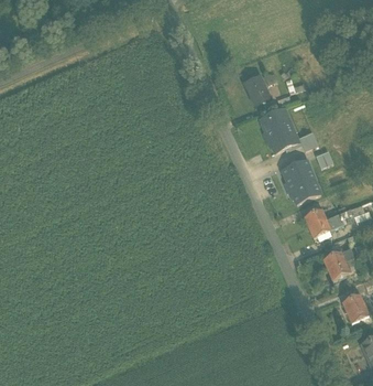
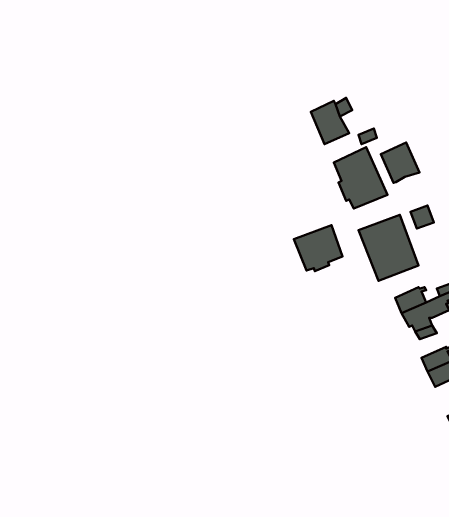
building: none -> [381,143,420,183]
building: none -> [294,225,342,271]

